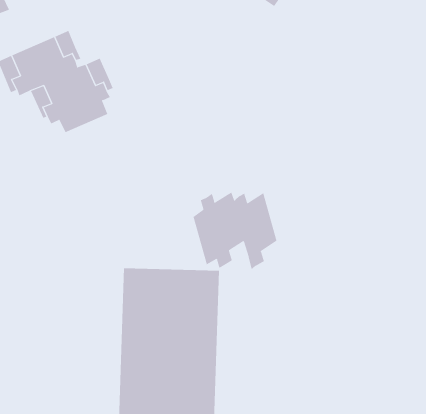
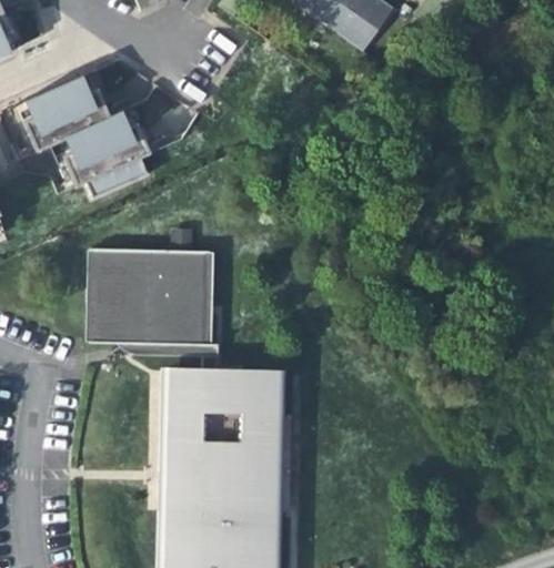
building: none -> [87,251,212,345]
building: [193,191,277,270] -> none

